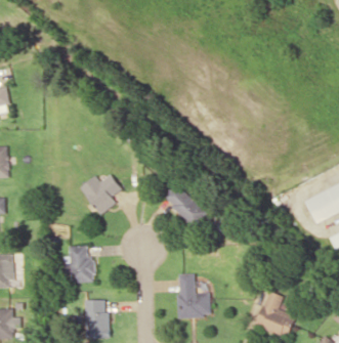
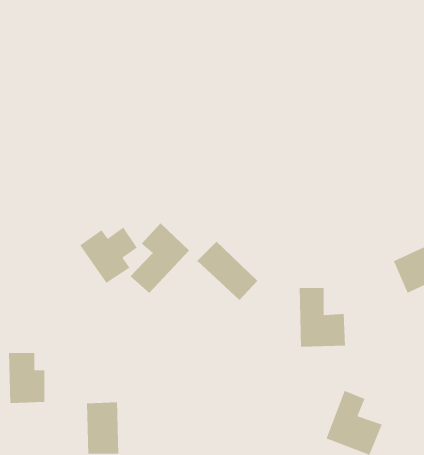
building: none -> [129,223,190,294]
building: [68,246,94,283] -> [8,352,45,404]
building: [177,274,211,317] -> [299,287,346,347]

